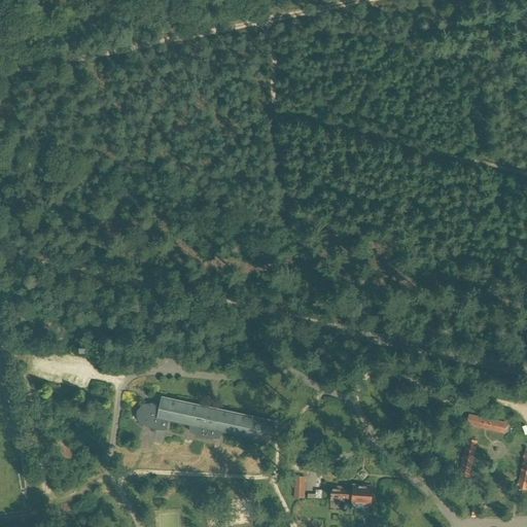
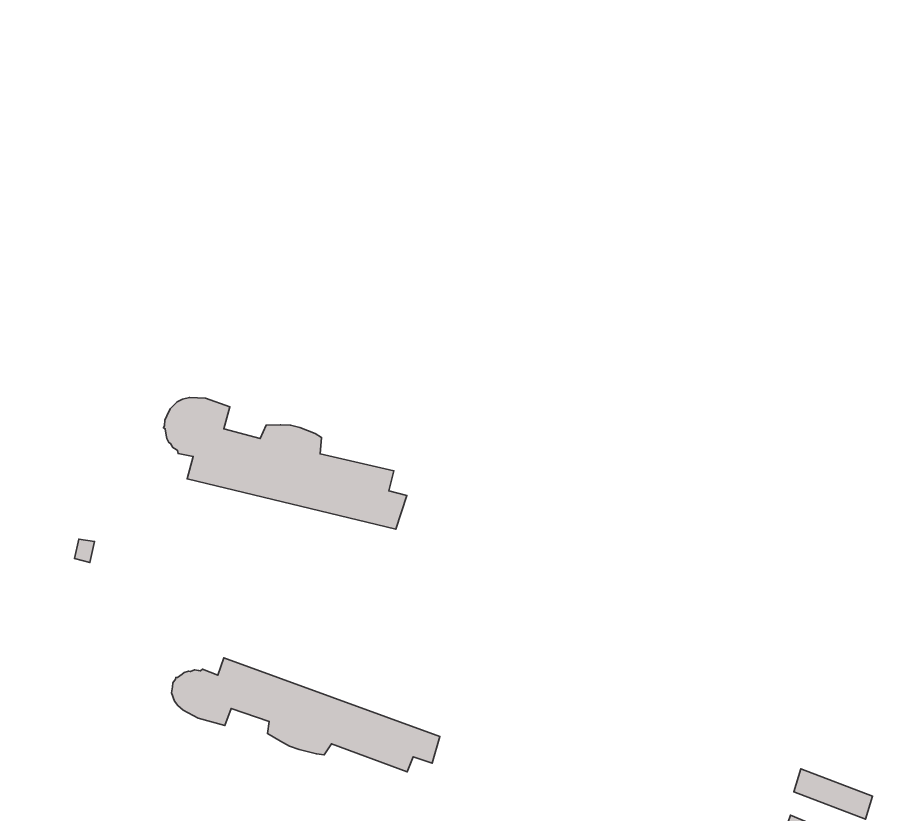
building: none -> [163,397,407,529]

